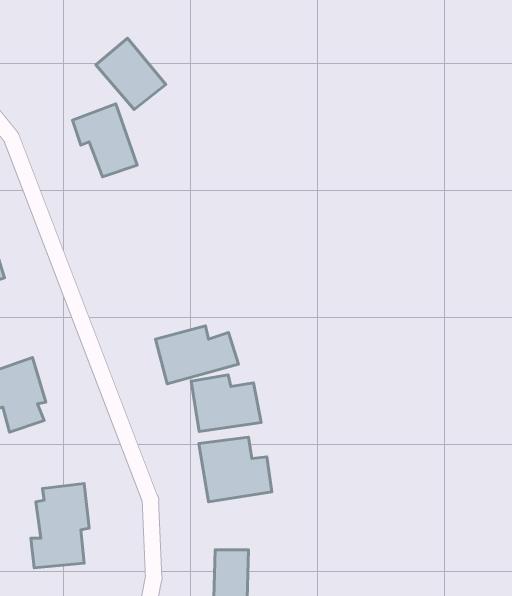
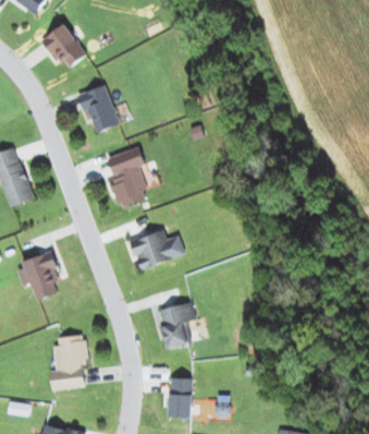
building: [96,38,166,110] -> [41,23,87,70]
building: none -> [107,146,148,207]
building: [191,375,261,432] -> none

